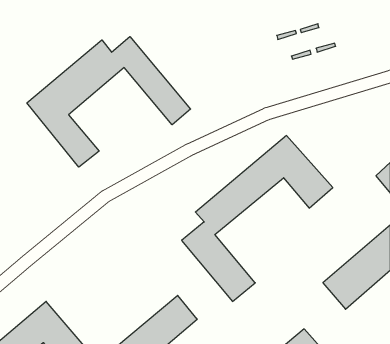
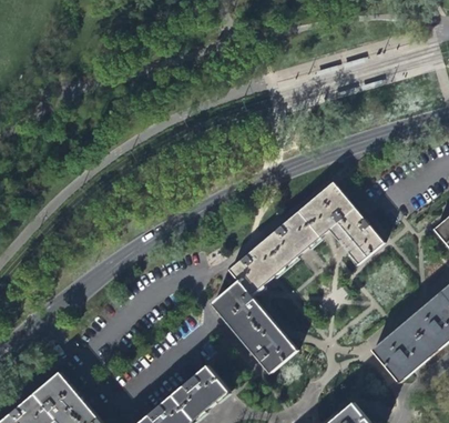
building: [27,37,191,167] -> none

